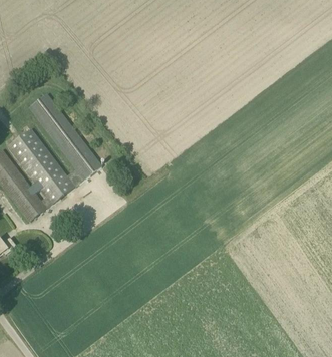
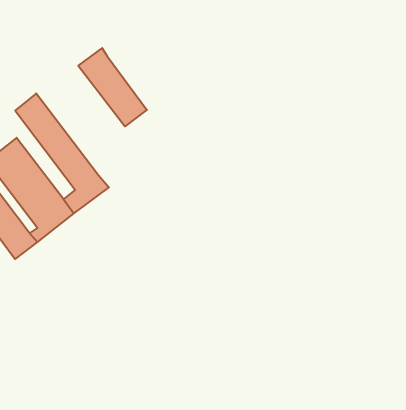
building: none -> [78,48,147,126]

